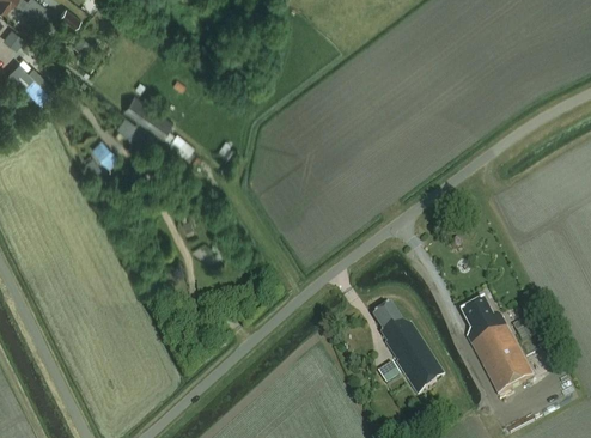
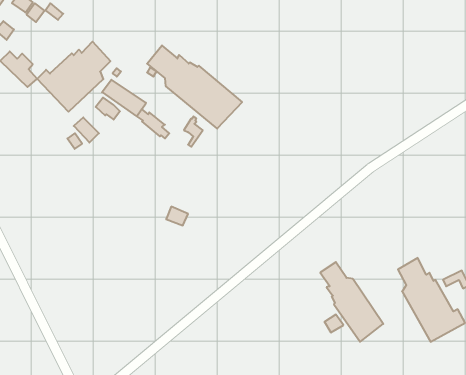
building: none -> [37,42,110,112]
building: none -> [147,45,242,129]

